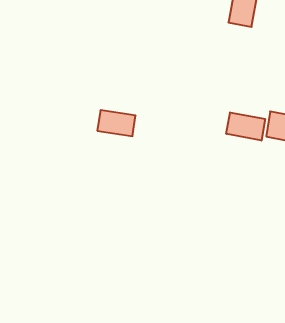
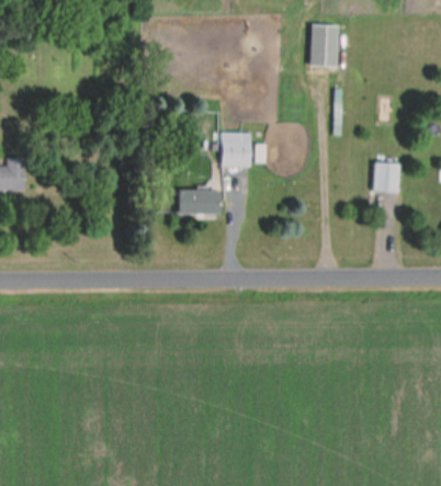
building: none -> [223,133,252,167]
building: [226,112,265,141] -> none

